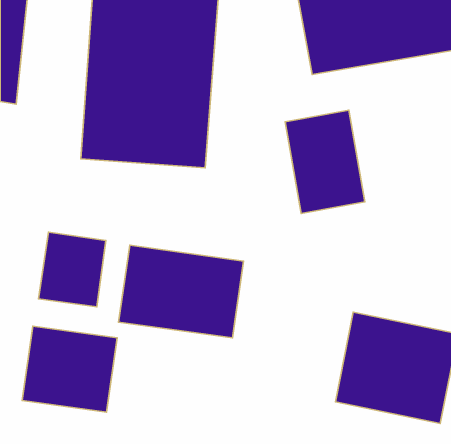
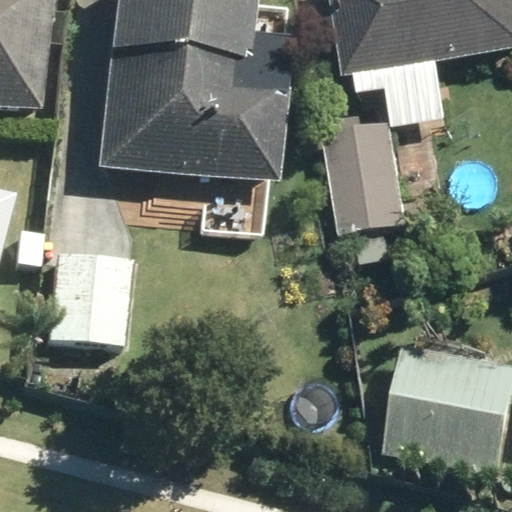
building: [119,245,244,338] -> none
building: [22,326,117,412] -> none

